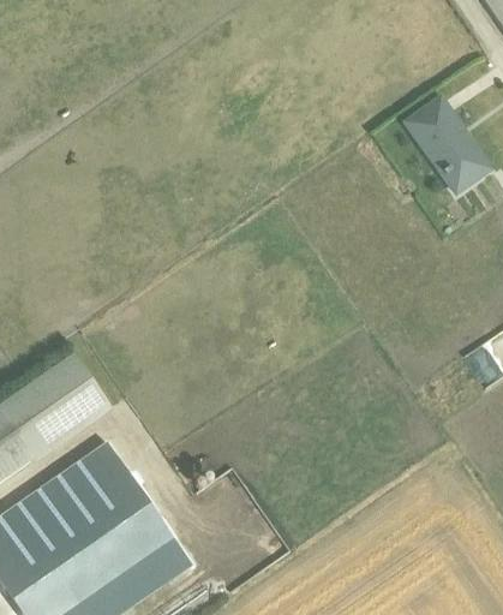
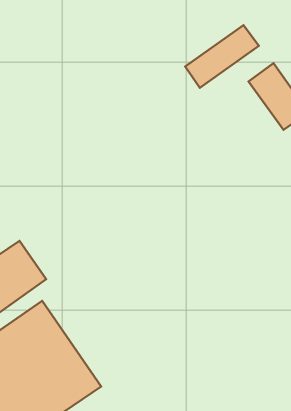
building: none -> [185,25,259,88]

